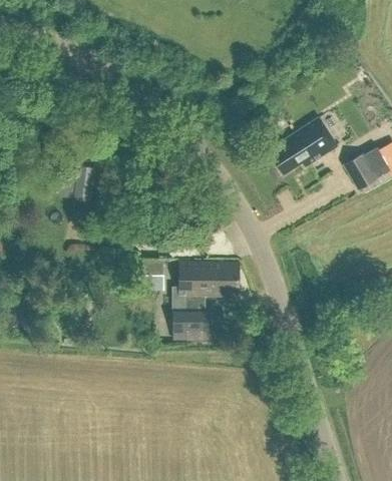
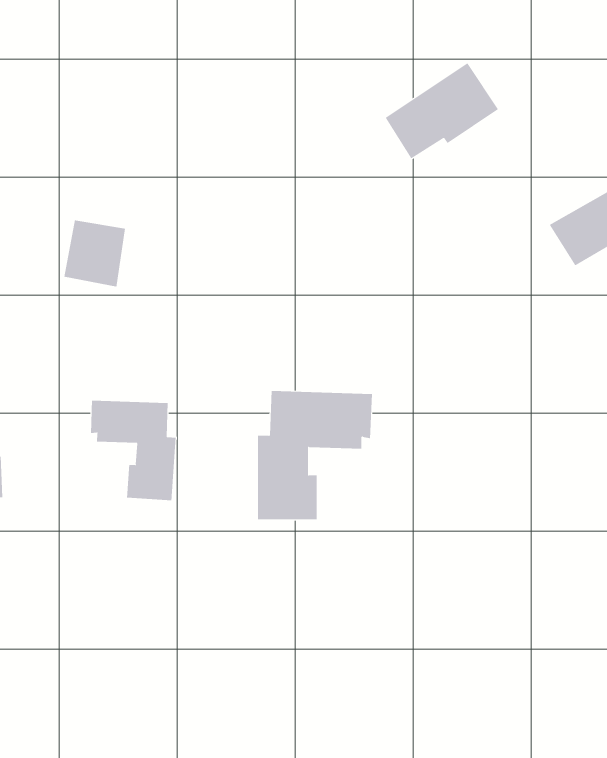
building: [272,118,338,174] -> [385,63,499,159]
building: none -> [90,400,176,501]

